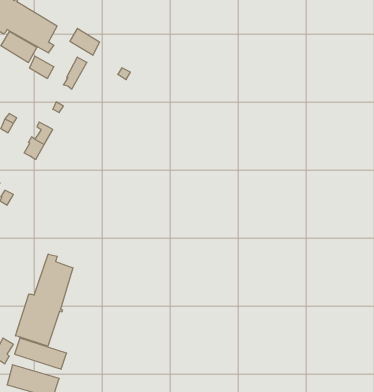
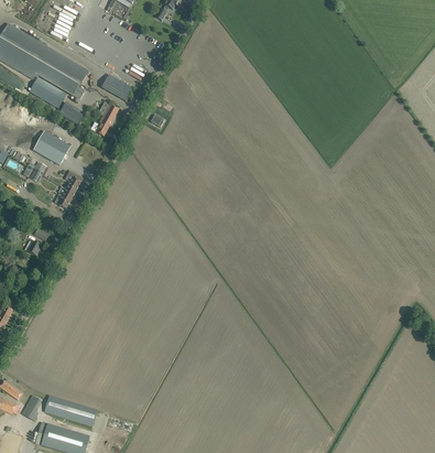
building: none -> [34,130,70,164]
building: [16,254,73,346] -> none

